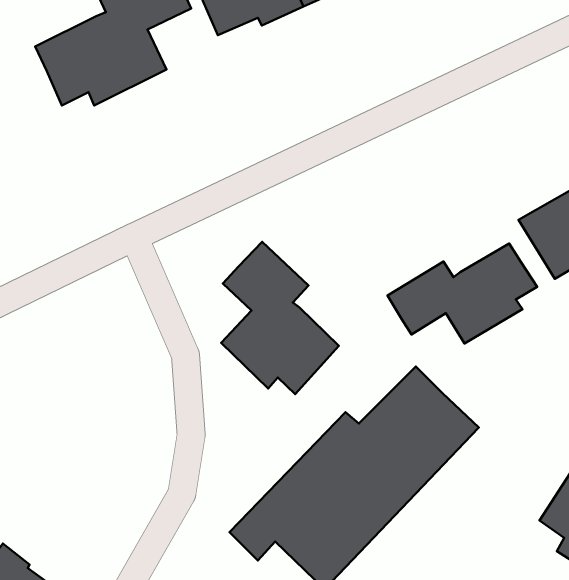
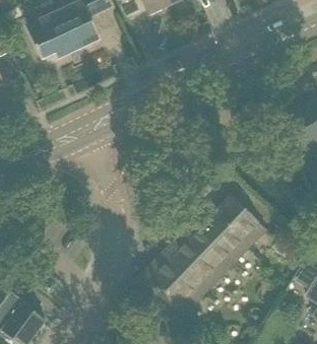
building: [221,242,339,394] -> none
building: [388,243,537,343] -> none

